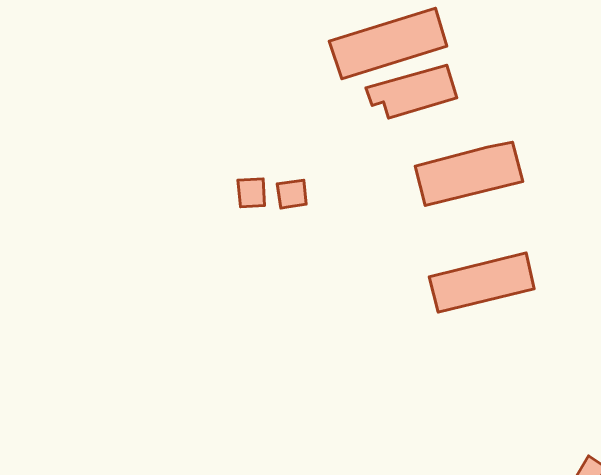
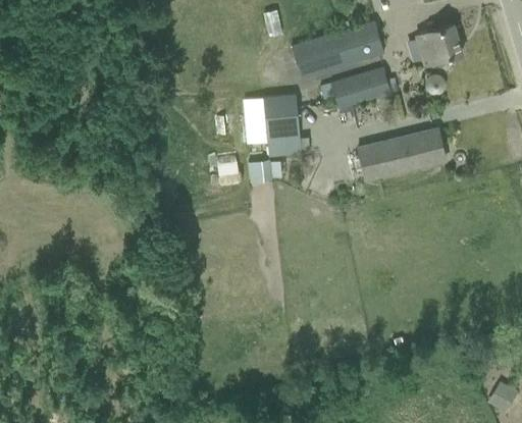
building: none -> [414,23,462,65]
building: none -> [243,93,309,156]
building: [429,253,534,312] -> none

